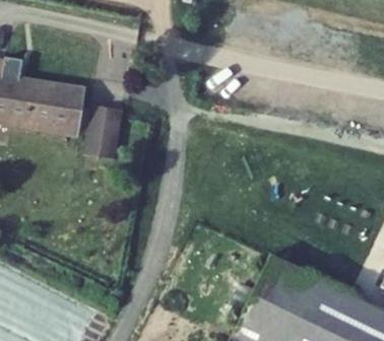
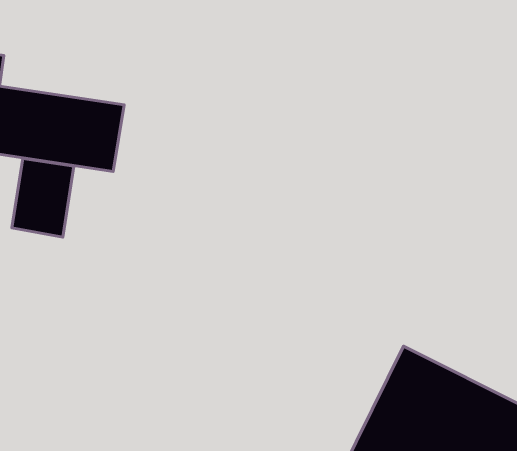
building: [84,106,125,157] -> [12,158,74,237]

